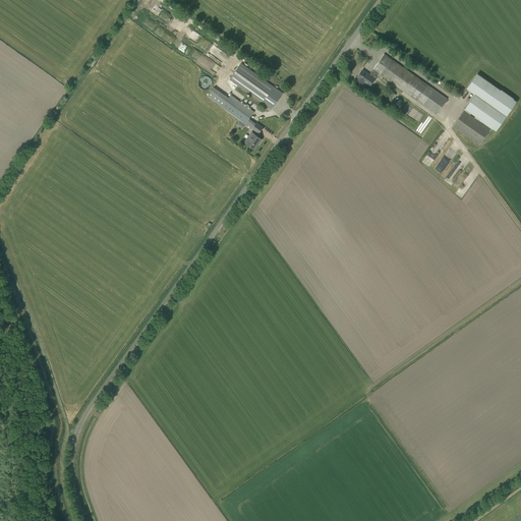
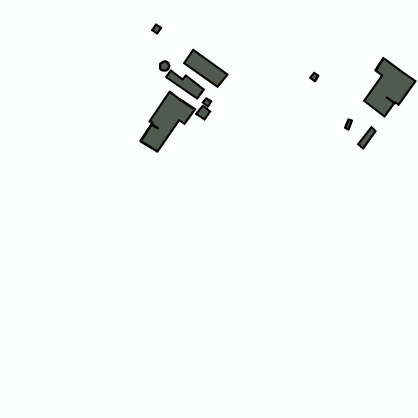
building: [357,53,447,113] -> none
building: none -> [141,92,195,152]

